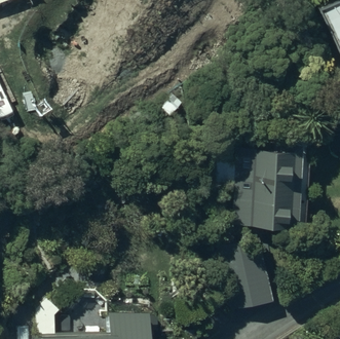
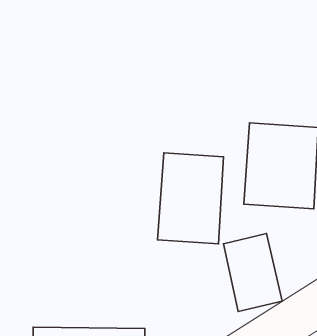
building: none -> [158,153,224,244]

